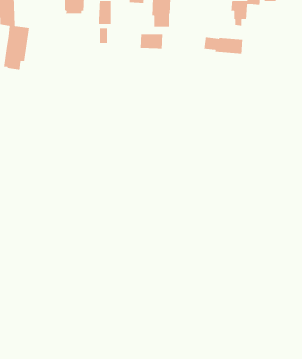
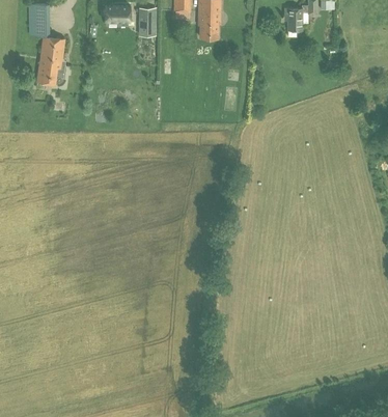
building: [140,33,163,49] -> none
building: [203,36,243,54] -> none

